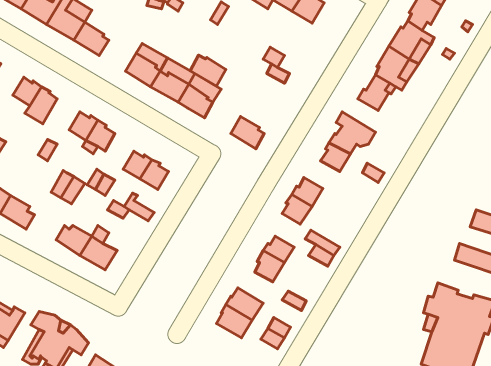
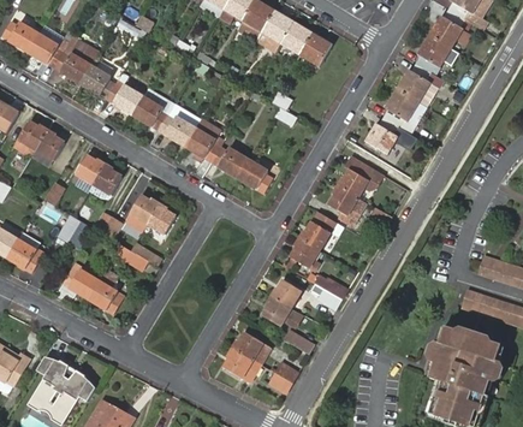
building: none -> [106,83,143,114]
building: [190,55,226,86] -> [212,146,248,177]

